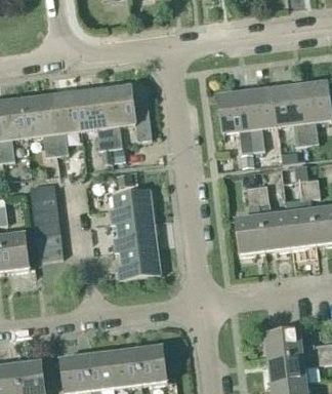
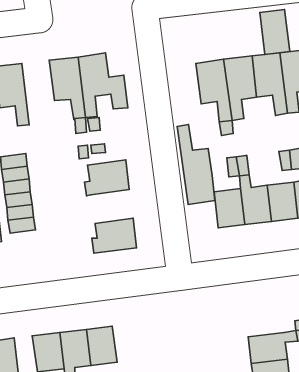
building: none -> [260,9,290,55]
building: [49,91,81,154] -> none
building: none -> [177,124,215,204]
building: [113,216,157,251] -> none
building: [264,328,302,359] -> none
building: [136,346,167,384] -> none

